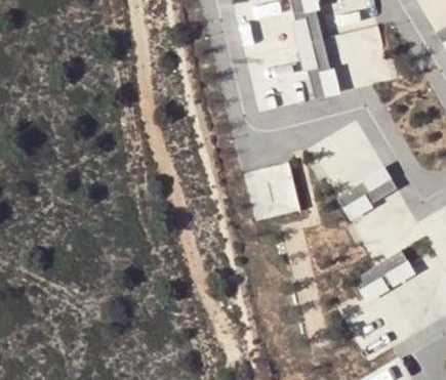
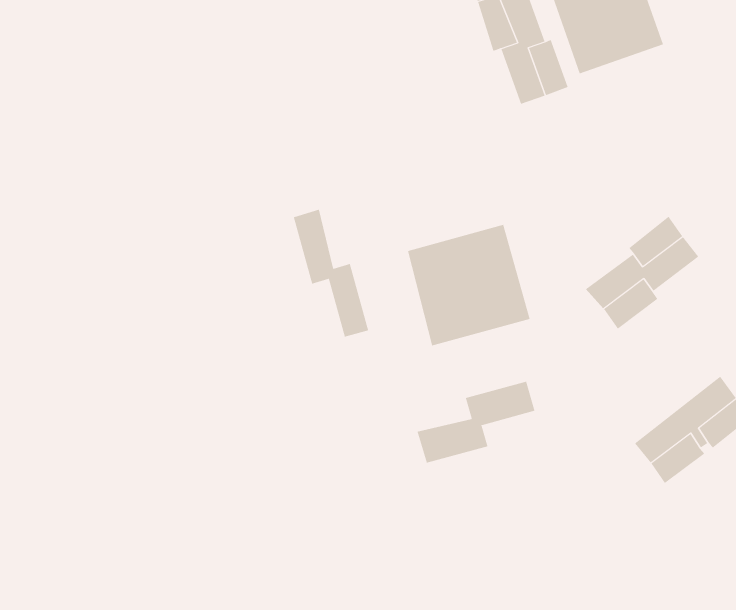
building: none -> [293,209,369,338]
building: none -> [417,381,535,464]

